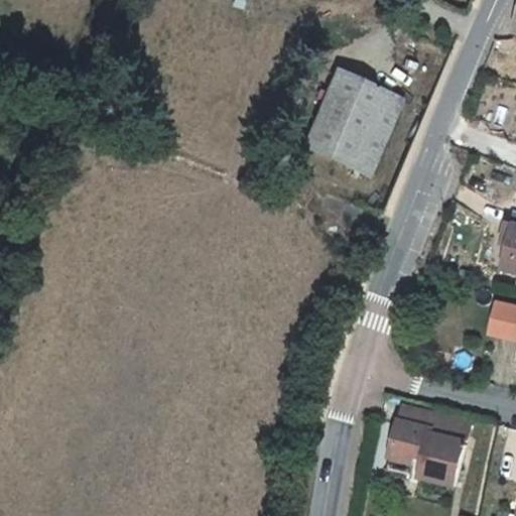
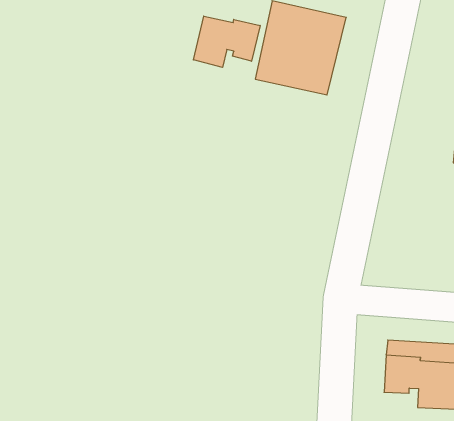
building: none -> [193,16,260,67]

